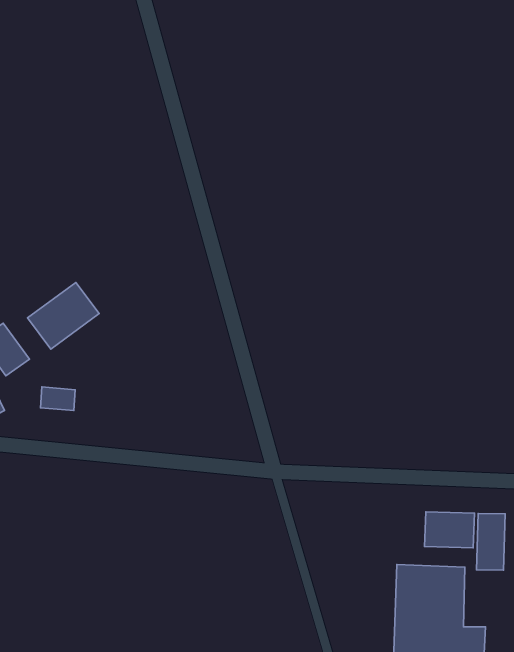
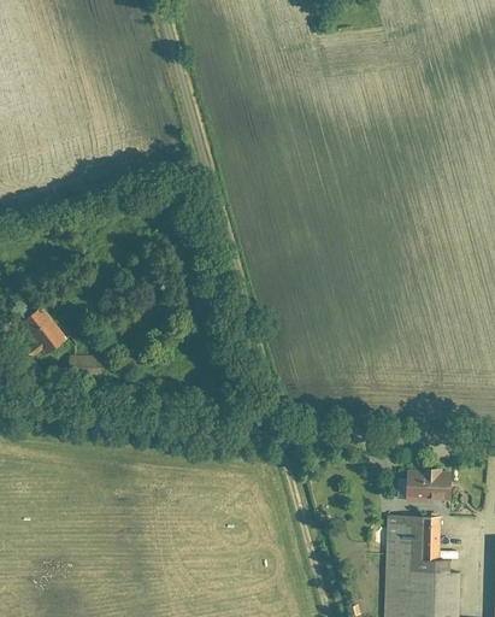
building: [28,282,99,349] -> none
building: [476,513,505,570] -> none

